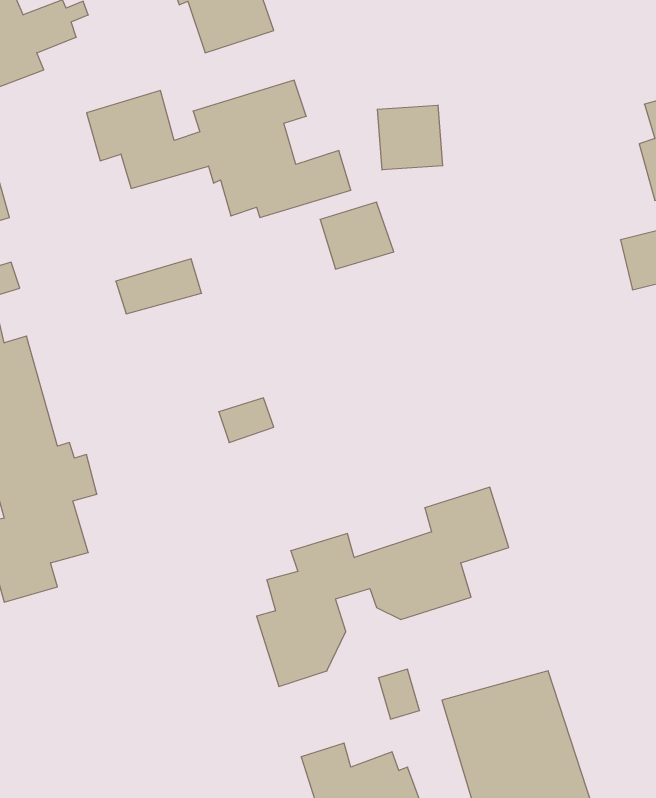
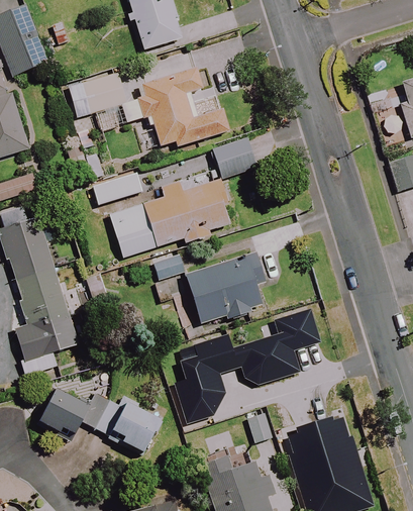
building: [377,105,443,170] -> none
building: none -> [109,177,226,257]
building: none -> [184,250,267,323]
building: none -> [36,387,161,452]

